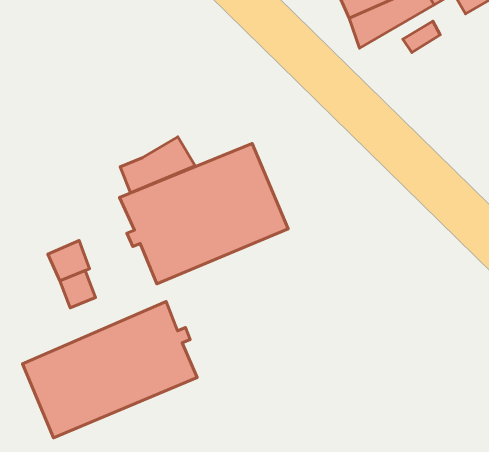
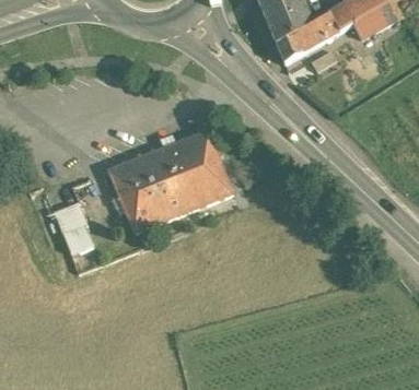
building: [120,137,195,193] -> none
building: [23,302,197,438] -> none

